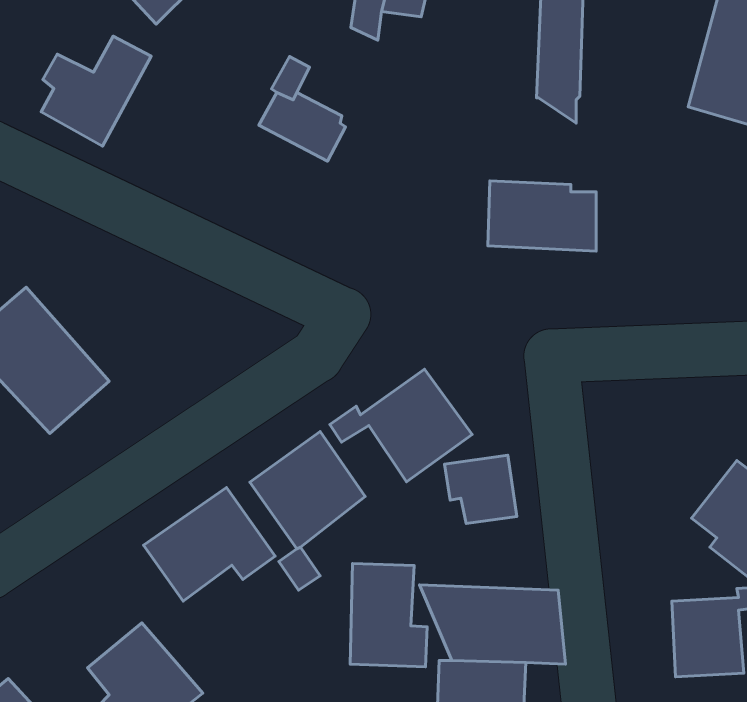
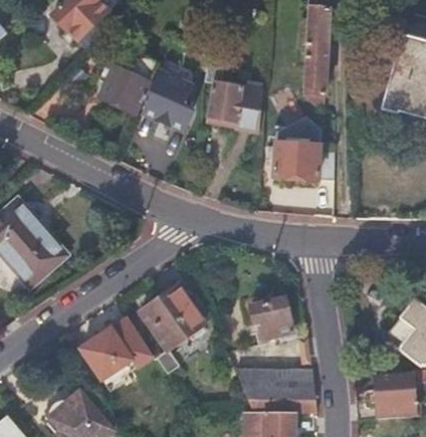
building: [41,36,151,146] -> [104,54,166,116]
building: none -> [208,69,262,134]
building: none -> [275,118,322,146]
building: [330,369,472,482] -> none
building: [350,563,427,667] -> none

